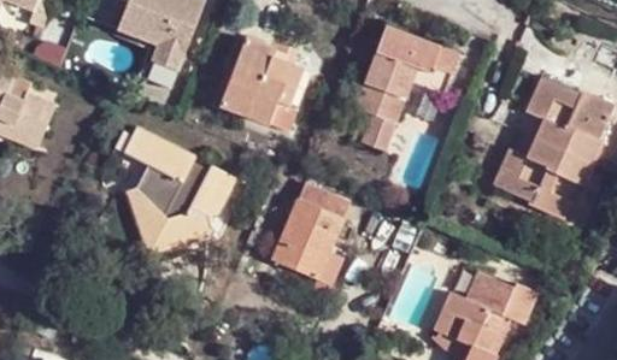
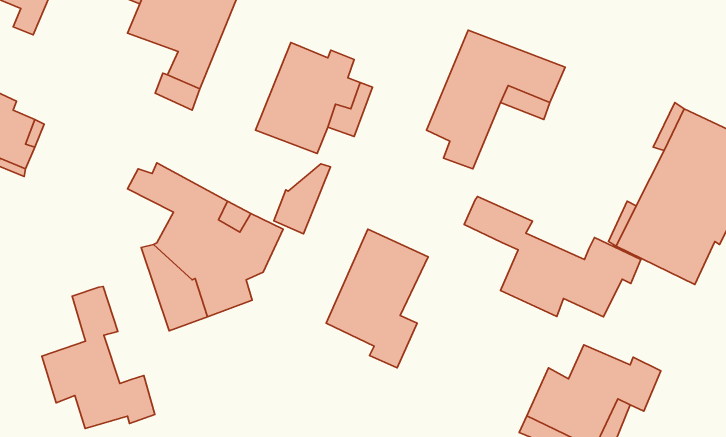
building: none -> [274,164,331,234]
building: none -> [464,196,641,317]
building: none -> [42,286,155,429]

